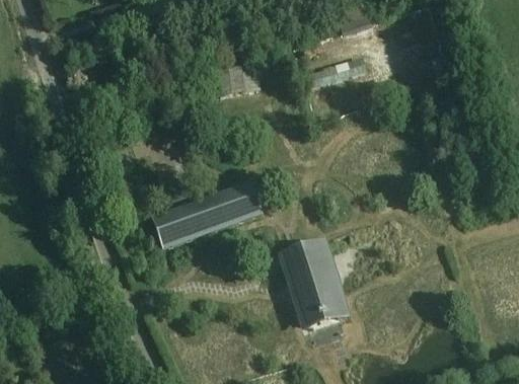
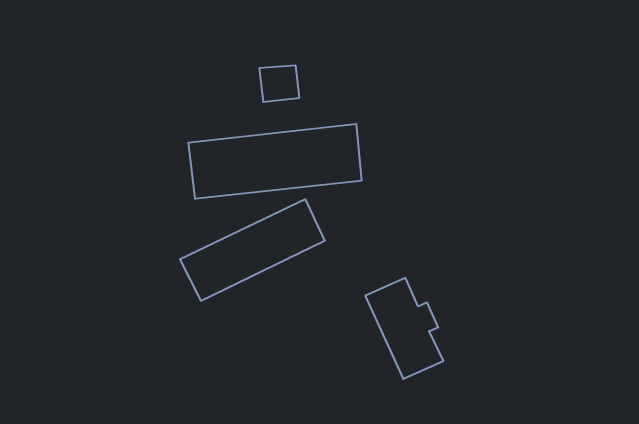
building: none -> [188,124,361,199]

